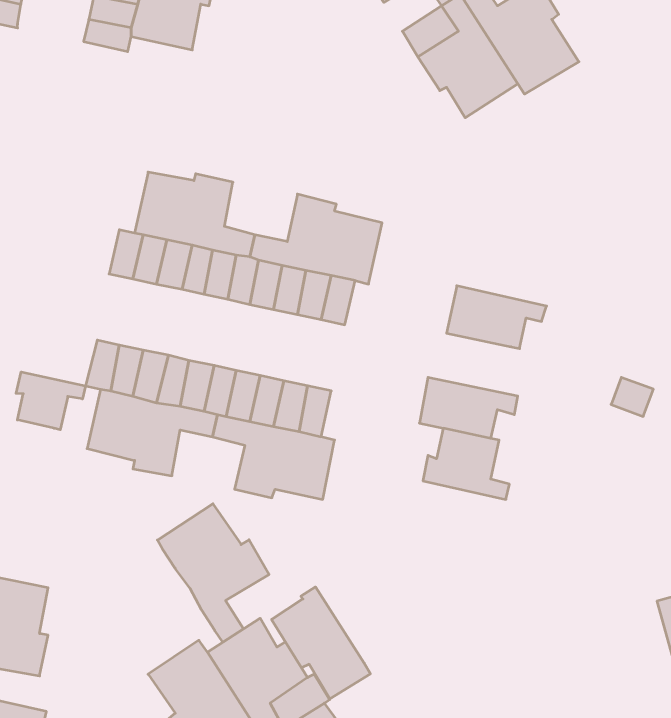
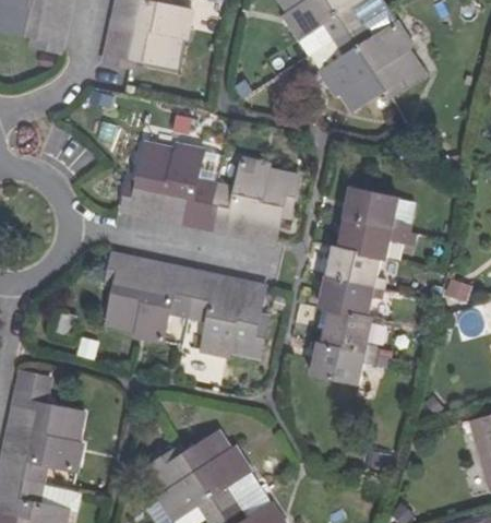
building: none -> [345,187,405,230]
building: none -> [326,247,386,288]
building: [16,372,85,430] -> none
building: none -> [312,343,376,383]
building: [157,504,269,642] -> none
building: [272,587,370,699] -> none

